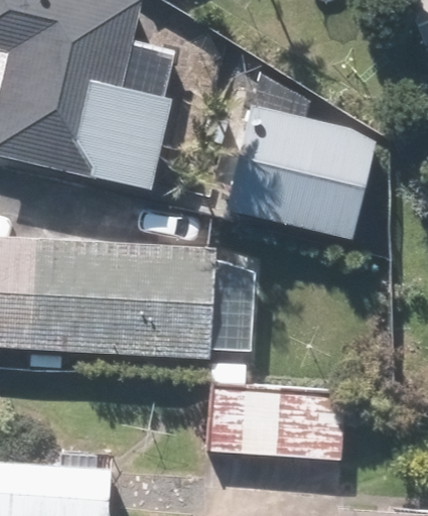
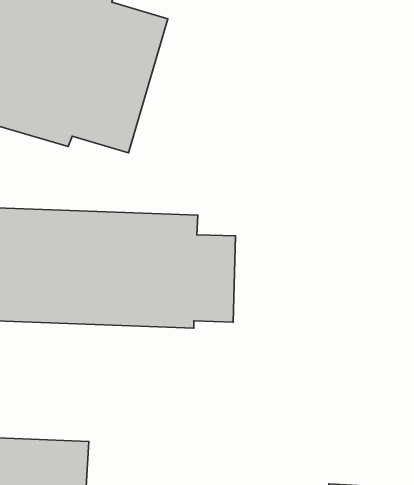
building: [225,102,379,241] -> none
building: [207,385,342,458] -> none

